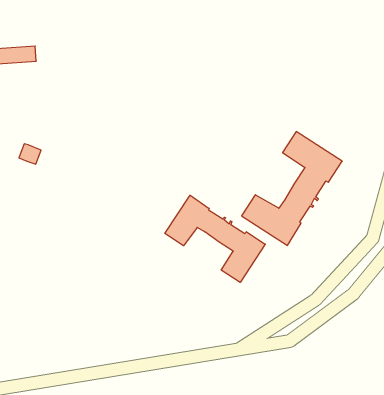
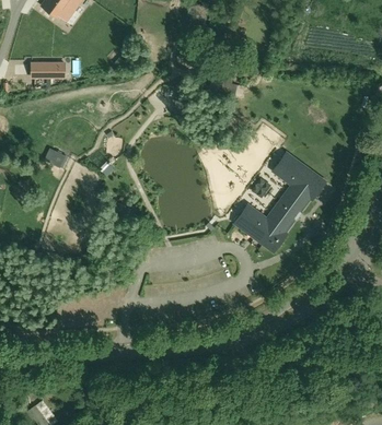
building: [165,195,265,282] -> none

